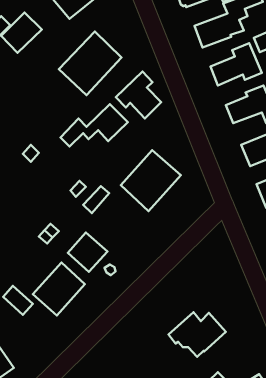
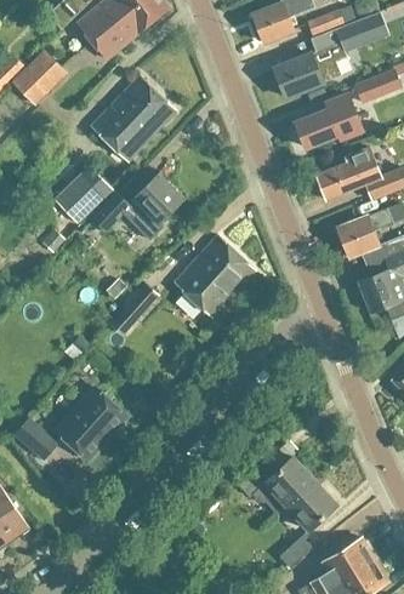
building: [116,72,161,118] -> none
building: none -> [55,175,103,222]
building: [68,232,108,272] -> none
building: none -> [288,480,337,530]

